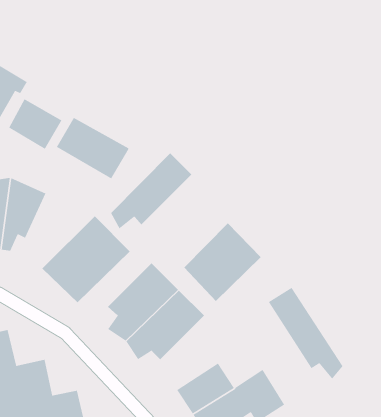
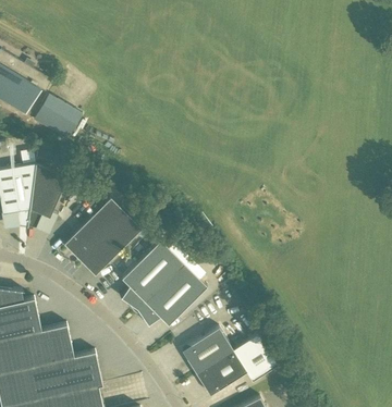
building: [56,117,129,180] -> none
building: [110,152,192,229] -> none
building: [183,223,262,302] -> none
building: [268,287,343,380] -> none

